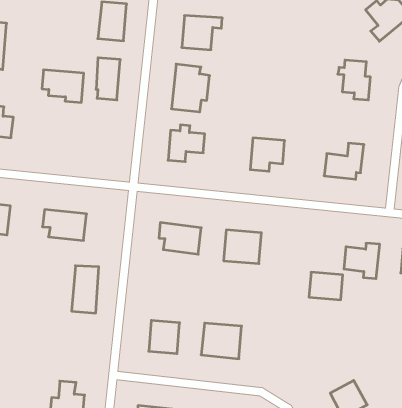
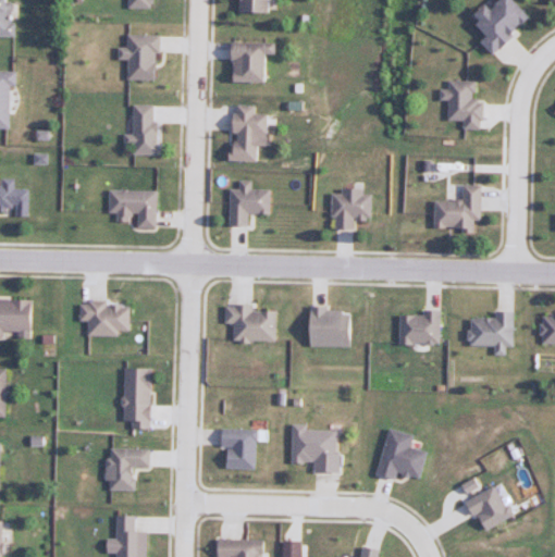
building: [42,70,84,102] -> [108,190,159,227]
building: [309,272,343,300] -> [392,312,432,344]
building: none -> [108,449,152,492]
building: none -> [370,428,418,481]

